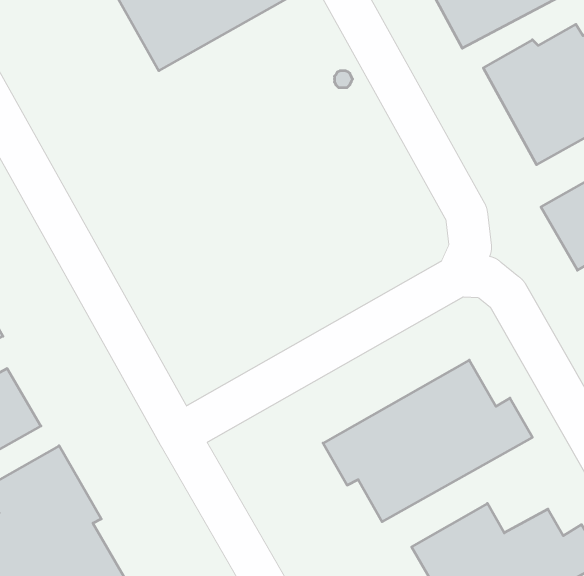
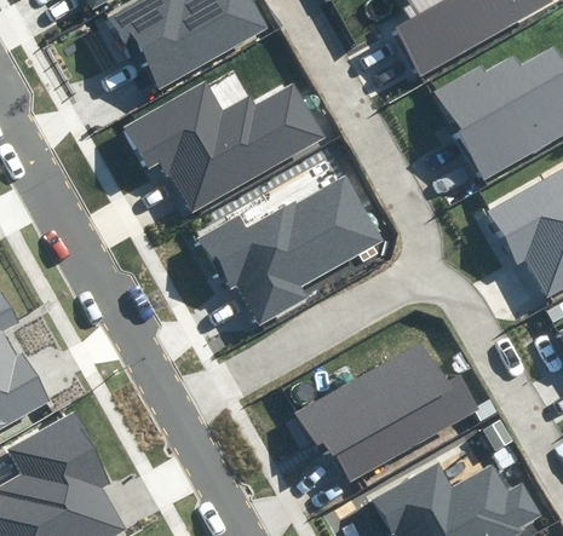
building: none -> [126,82,320,208]
building: none -> [199,172,385,323]

